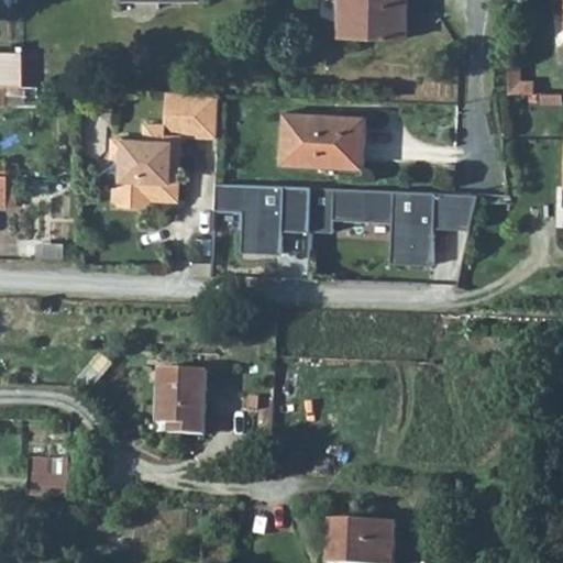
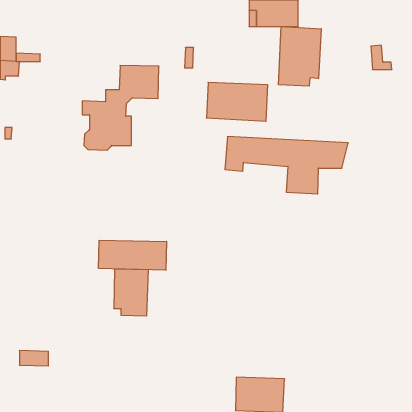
building: none -> [279,27,321,86]
building: [213,185,310,257] -> none
building: none -> [98,240,167,270]

